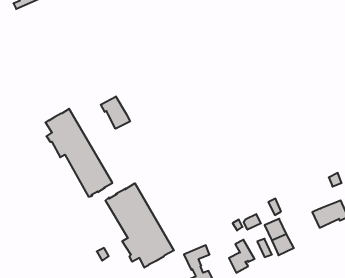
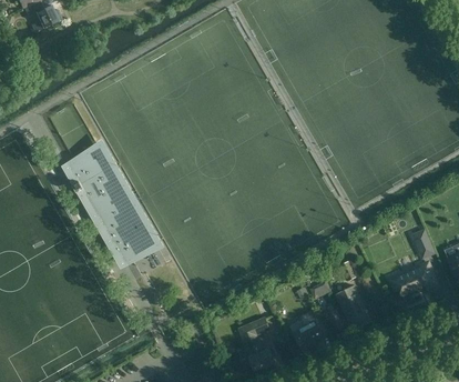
building: [101,96,130,129] -> none
building: [105,183,174,268] -> none

